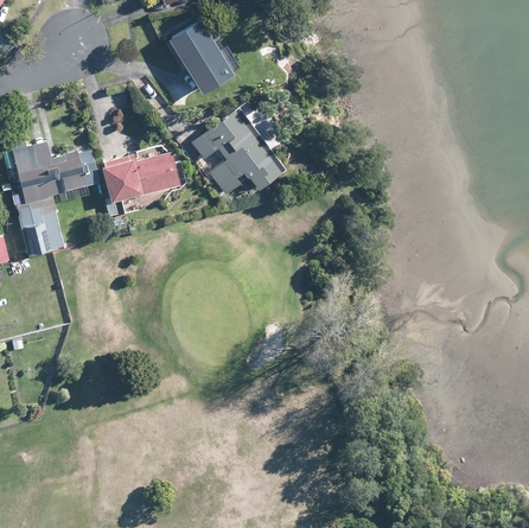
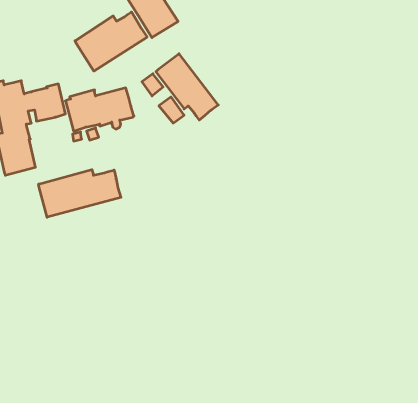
building: none -> [75,12,147,71]
building: none -> [39,170,121,217]

